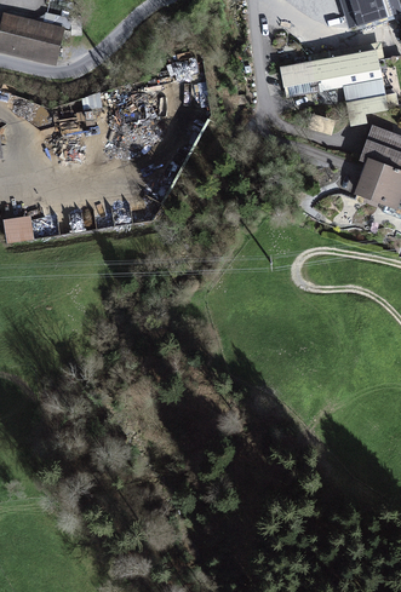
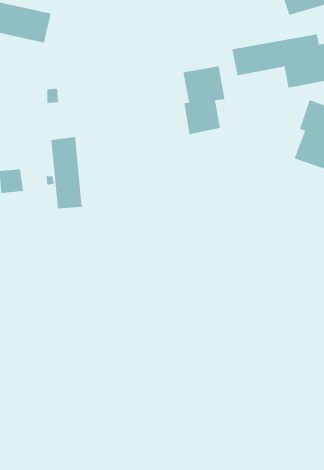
building: none -> [183,65,225,135]
building: none -> [51,136,82,209]

